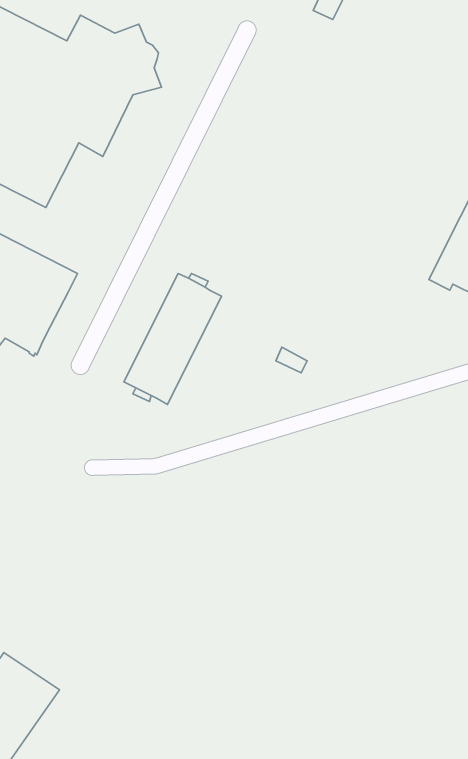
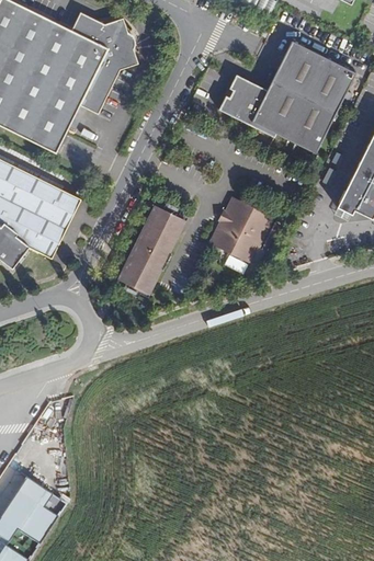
building: none -> [217,39,354,151]
building: none -> [209,197,272,262]

